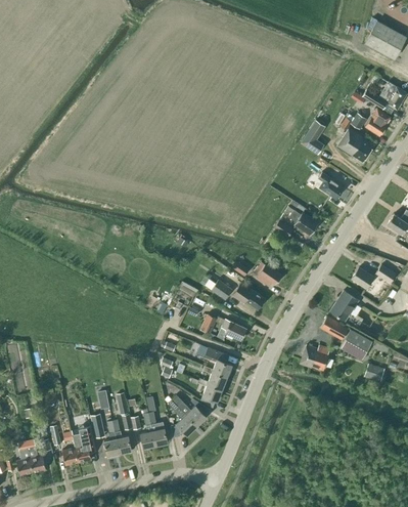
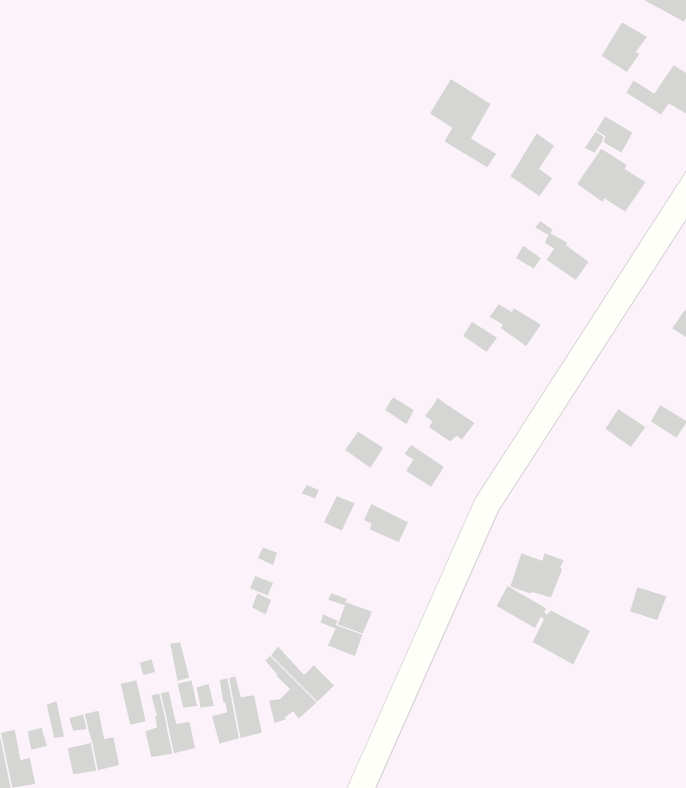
building: none -> [429,78,497,168]
building: [365,109,391,136] -> [601,22,648,73]
building: [330,291,358,321] -> none
building: [321,316,372,360] -> [496,585,591,665]
building: [205,348,232,377] -> none

